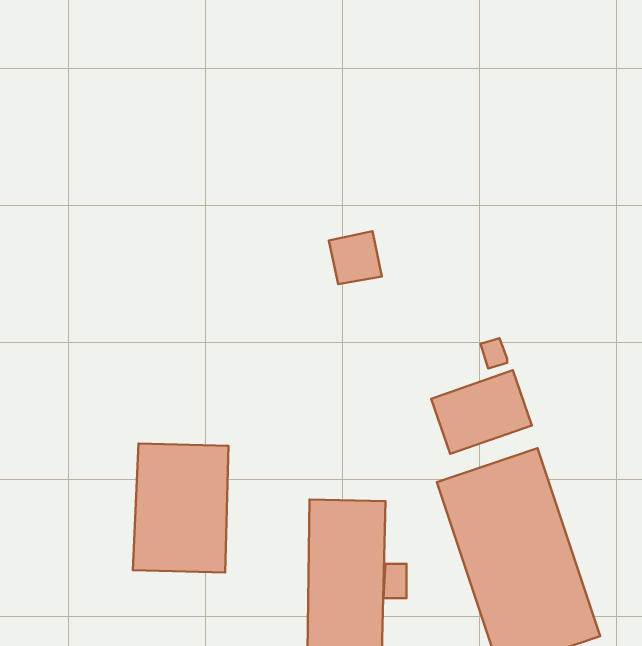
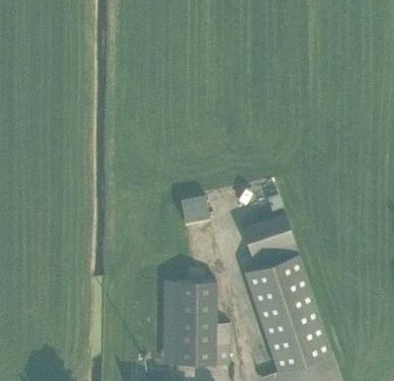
building: [329,231,382,284] -> [179,196,208,224]
building: [133,444,228,573] -> none

